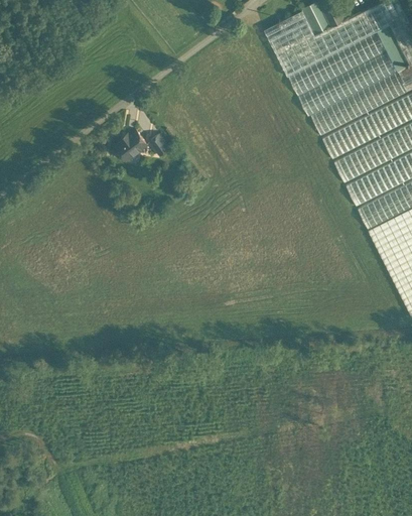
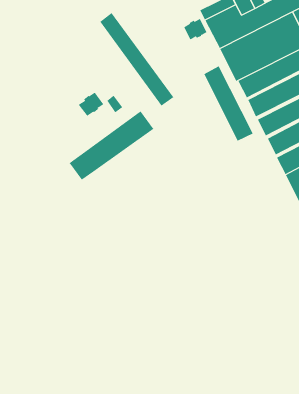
building: none -> [99,12,174,106]
building: none -> [184,18,207,41]
building: none -> [204,66,253,142]
building: none -> [69,110,154,181]

